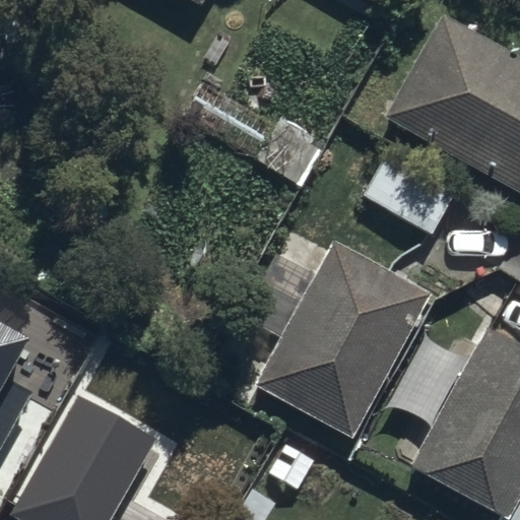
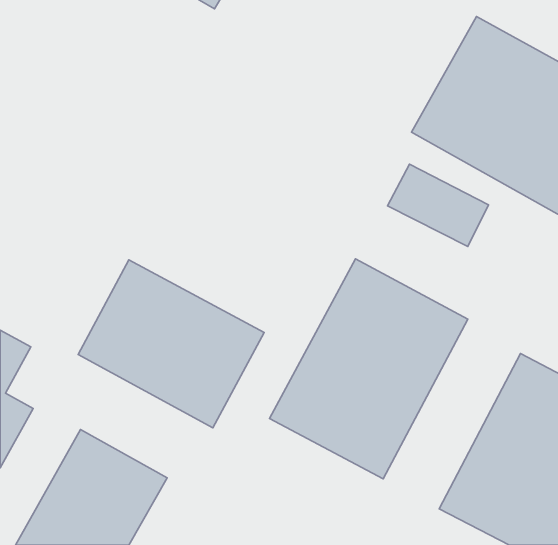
building: none -> [78,260,264,428]

